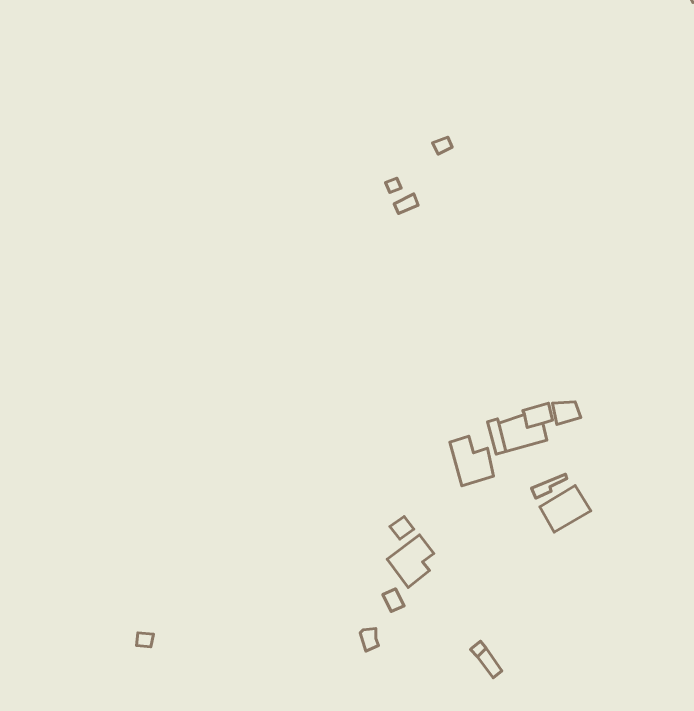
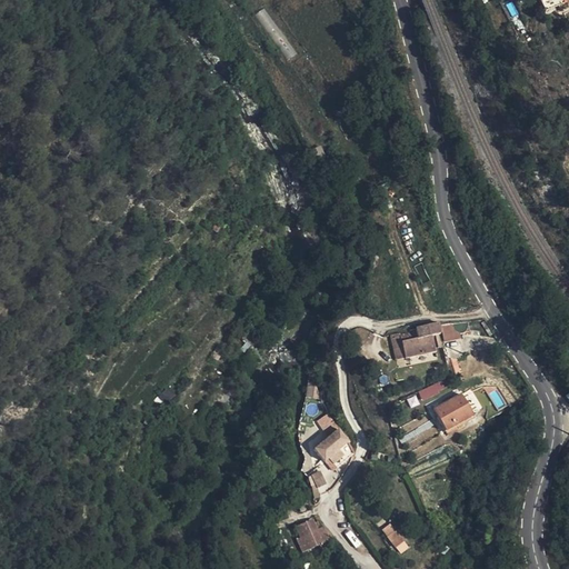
building: [450,436,494,486] -> none
building: none -> [299,523,330,557]

